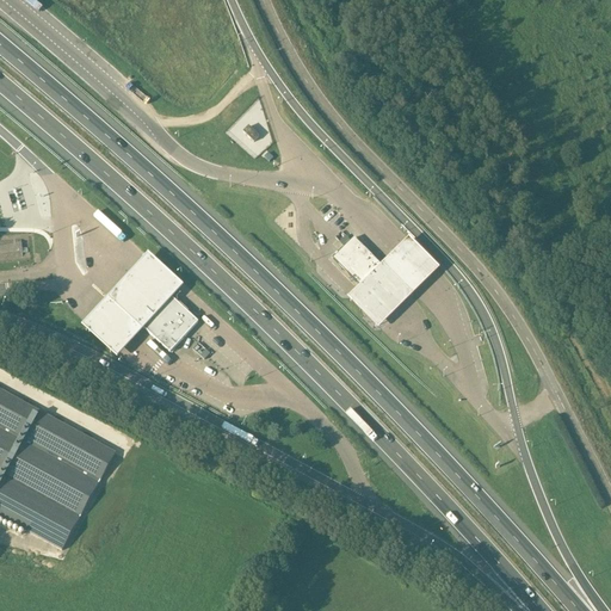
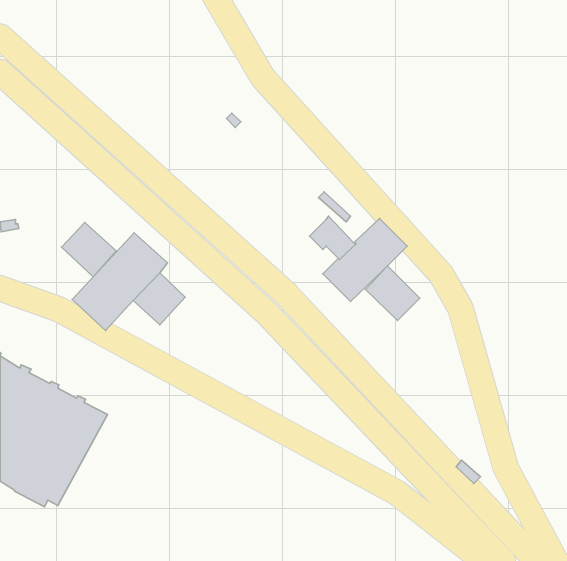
building: none -> [62,223,116,277]
building: none -> [365,266,420,321]

